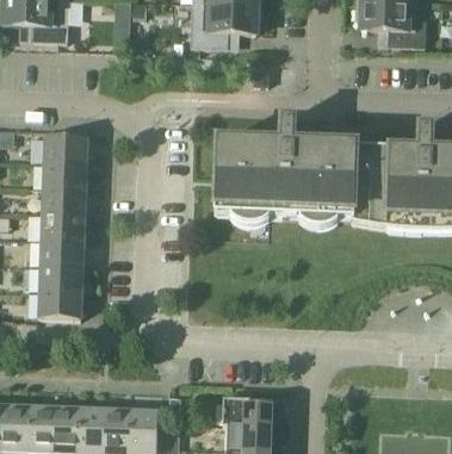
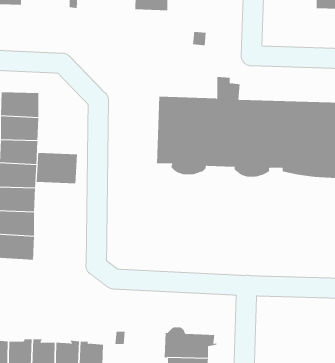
building: none -> [36,152,78,184]

